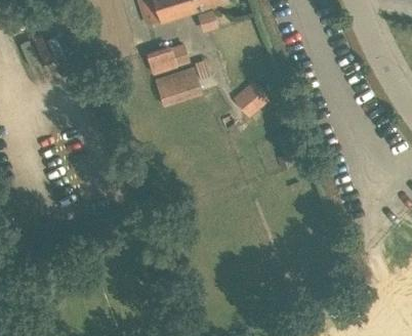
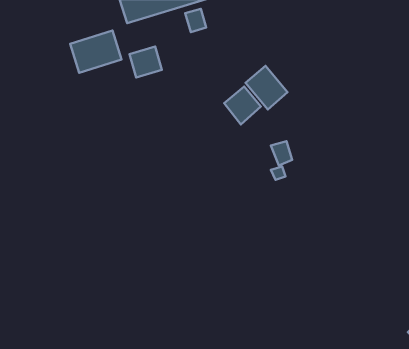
building: none -> [246,66,288,109]
building: [160,68,207,107] -> [70,30,121,73]

